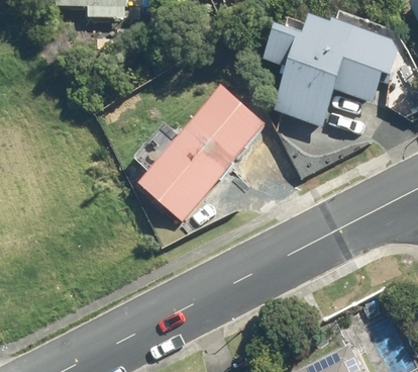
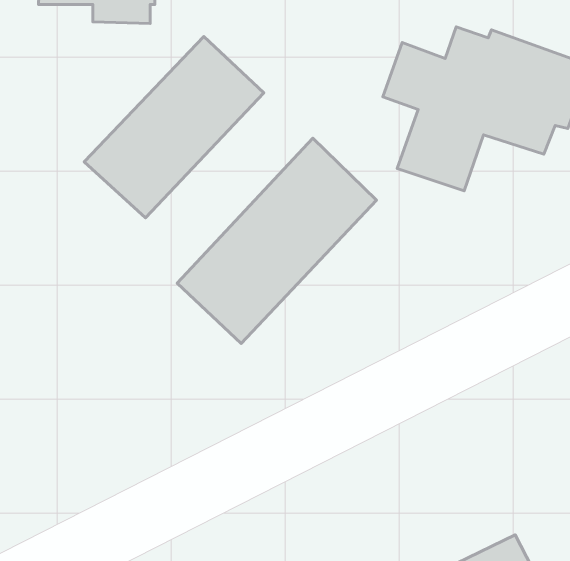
building: none -> [84,37,264,218]

